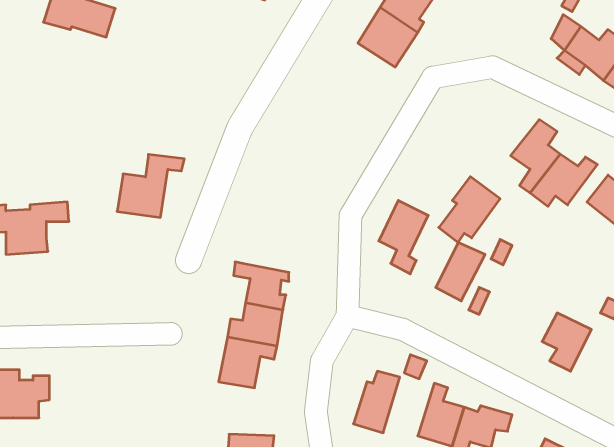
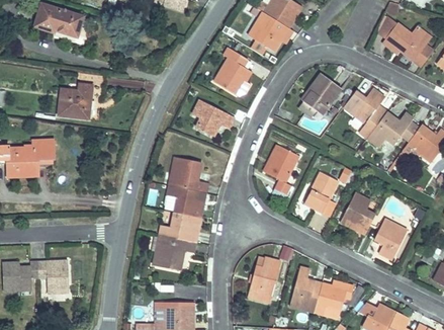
building: none -> [213,48,252,95]
building: none -> [191,99,234,137]
building: [117,154,184,217] -> [65,75,110,117]
building: [439,177,500,242] -> [297,74,339,118]
building: none -> [169,155,204,191]
building: none -> [339,193,373,234]
building: none -> [40,259,70,294]

